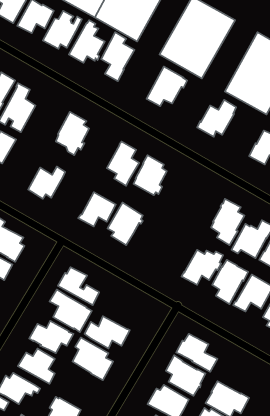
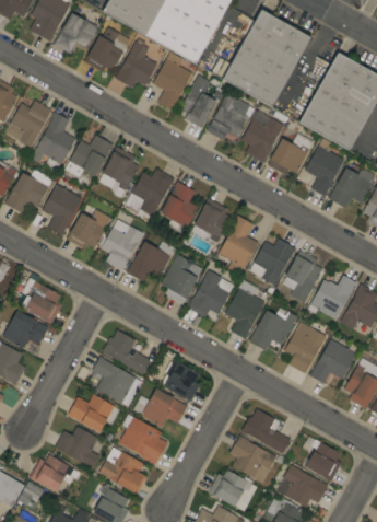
building: none -> [180,76,216,128]
building: none -> [237,109,284,163]
building: none -> [64,136,114,177]
building: none -> [305,138,345,196]
building: none -> [125,169,175,217]
building: none -> [42,184,82,236]
building: none -> [217,216,258,274]
building: none -> [101,219,143,270]
building: none -> [249,239,296,286]
building: none -> [187,270,234,317]
building: none -> [225,280,266,339]
building: none -> [164,359,200,402]
building: none -> [303,437,342,482]
building: none -> [98,448,146,494]

